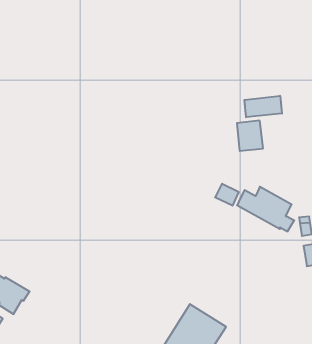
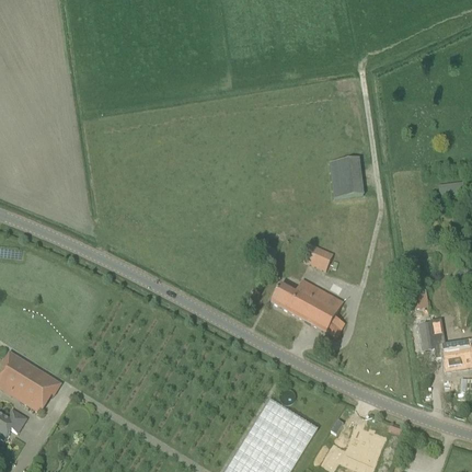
building: [244,96,282,117] -> none
building: [237,187,294,231] -> [270,277,345,335]

